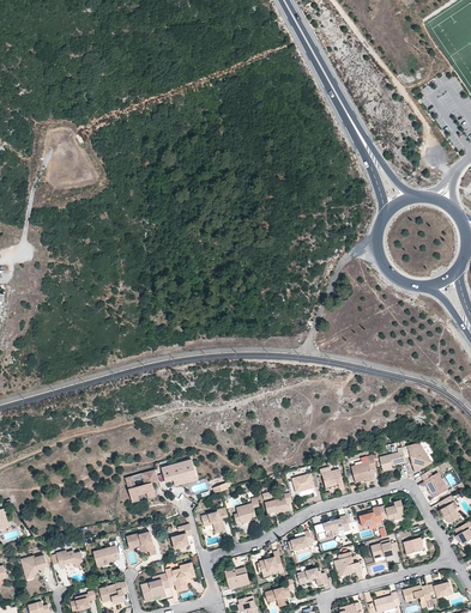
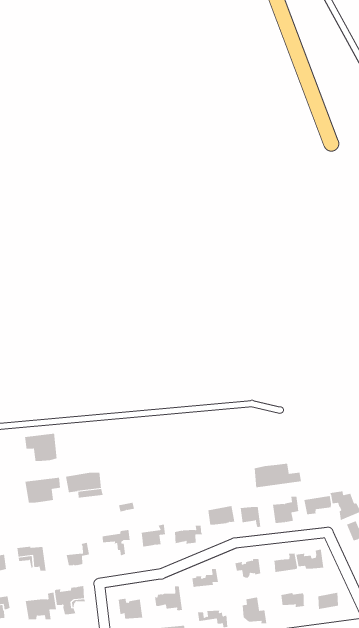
building: none -> [254,463,302,488]
building: none -> [24,433,57,462]

